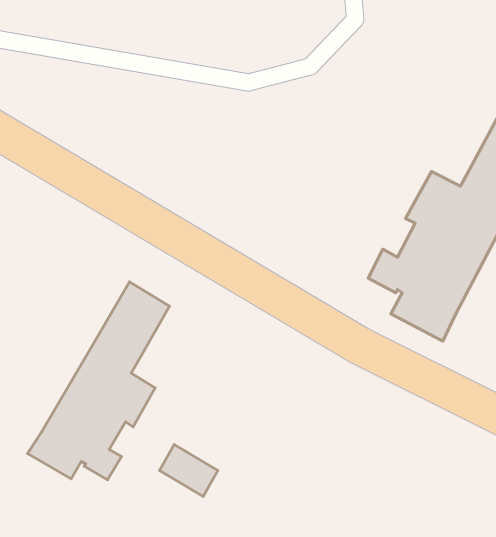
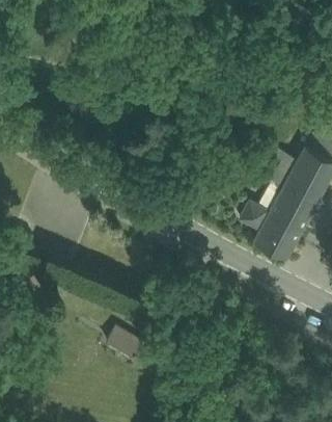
building: [27,282,169,480] -> none

